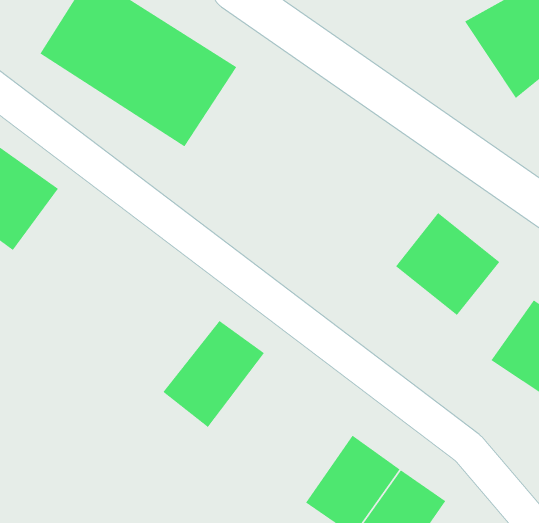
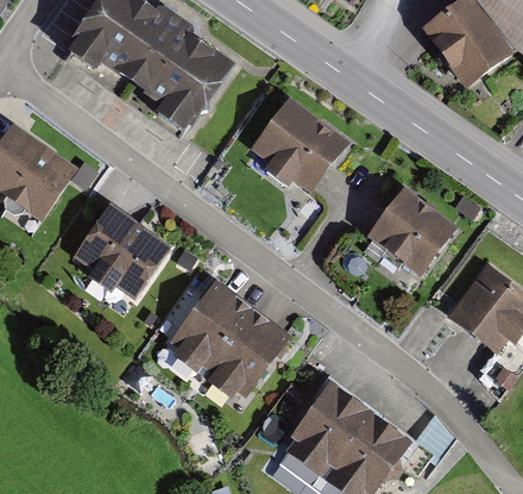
building: none -> [252,98,347,189]
building: none -> [75,205,166,298]
building: none -> [206,309,288,399]

